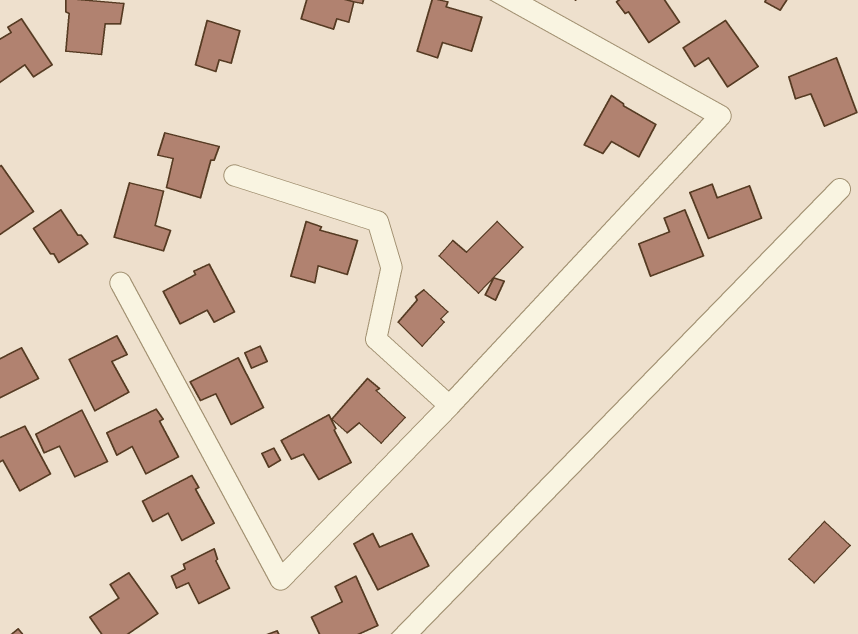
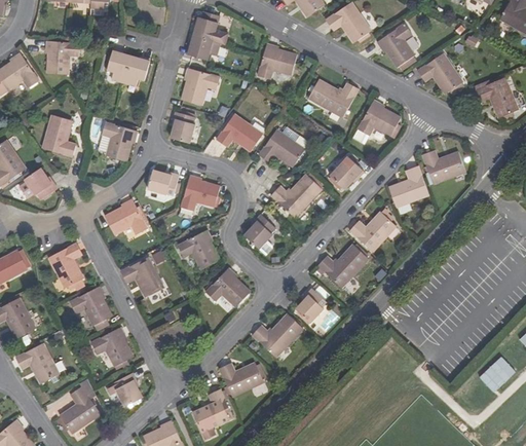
building: none -> [108,49,130,80]
building: none -> [180,68,219,105]
building: none -> [309,79,360,117]
building: none -> [170,111,193,142]
building: none -> [215,112,261,149]
building: none -> [258,128,304,165]
building: [114,183,170,251] -> [42,115,76,156]
building: none -> [330,157,365,188]
building: none -> [148,171,179,195]
building: none -> [350,213,397,253]
building: none -> [318,247,369,289]
building: [36,410,107,477] -> [17,343,61,383]
building: none -> [296,291,326,324]
building: [281,415,351,480] -> [176,231,218,270]
building: none -> [253,315,303,359]

